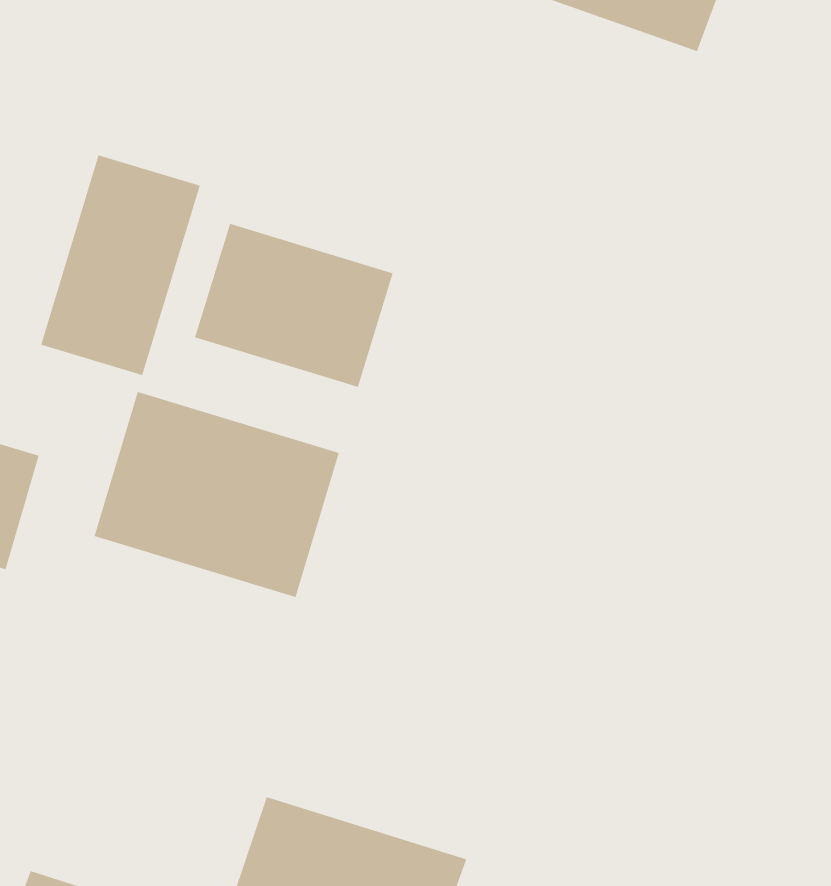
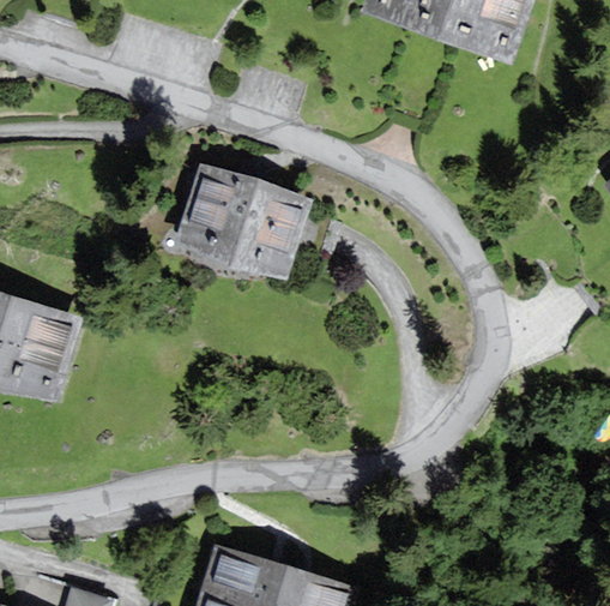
building: [40,155,200,376] -> none
building: [94,391,340,598] -> none

